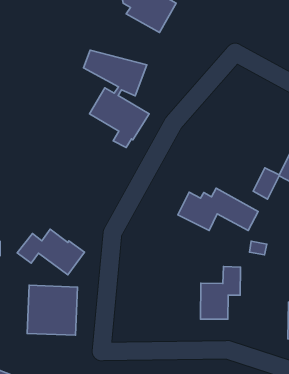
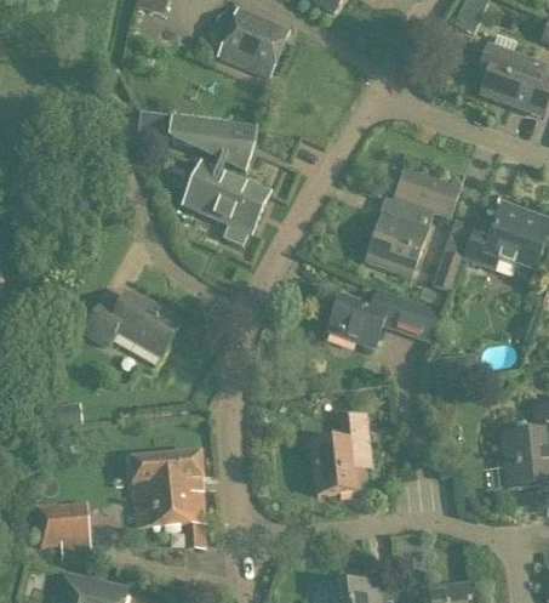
building: none -> [366,169,458,275]
building: [17,229,84,275] -> [82,292,178,354]
building: [200,267,240,319] -> [310,413,368,494]

